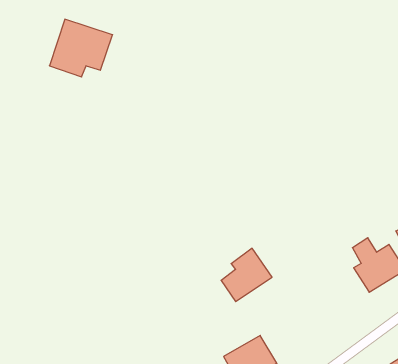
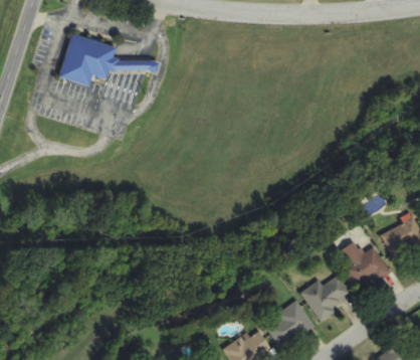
building: [221,248,272,302] -> [267,300,313,348]
building: none -> [300,276,351,318]

